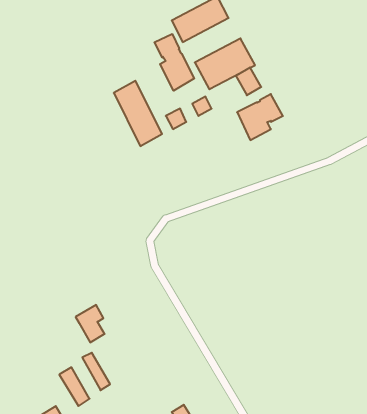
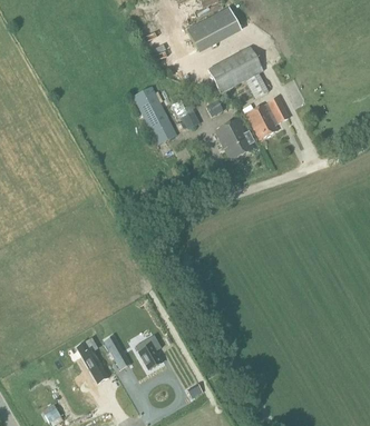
building: [154,34,194,91] -> none
building: none -> [215,117,254,159]
building: [76,305,105,342] -> [135,334,162,368]

